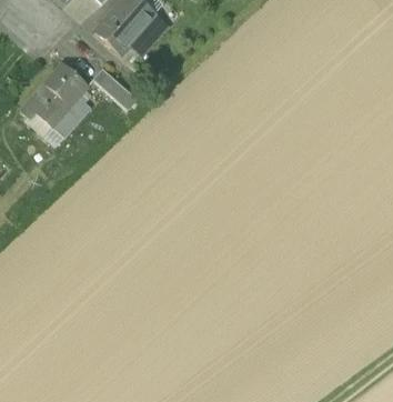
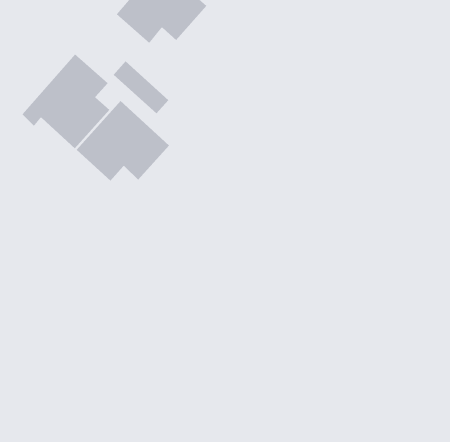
building: none -> [76,100,170,181]

